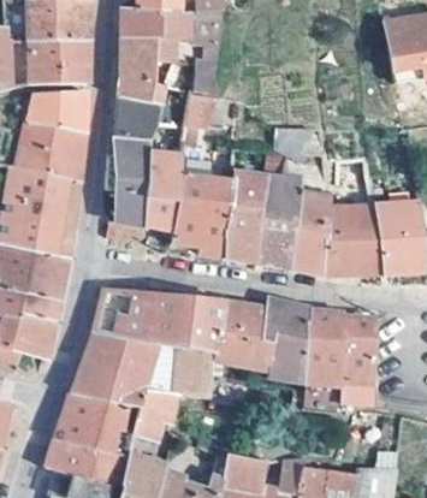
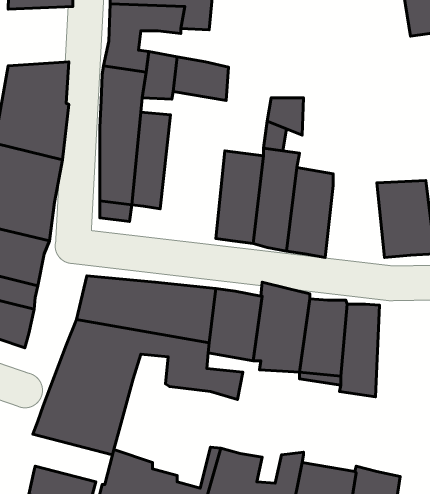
building: [29,41,90,85] -> none
building: [171,142,233,257] -> none
building: [326,206,381,277] -> none
building: [134,389,180,444] -> none
building: [45,440,127,487] -> none

